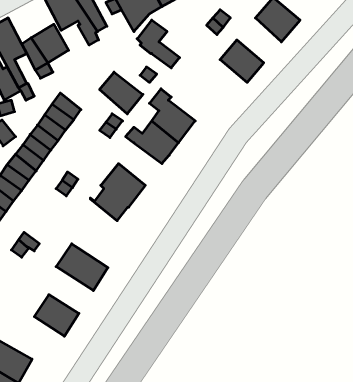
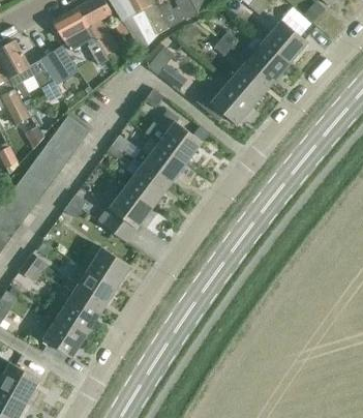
building: none -> [238,34,289,84]
building: none -> [196,73,254,125]
building: [100,72,143,114] -> none
building: none -> [126,163,170,206]
building: none -> [86,245,131,288]
building: none -> [56,287,101,333]

